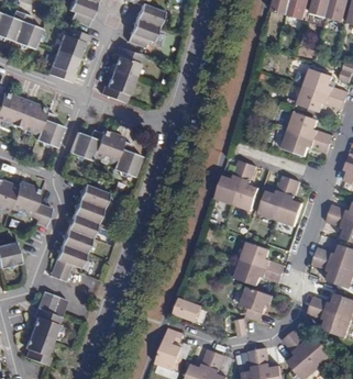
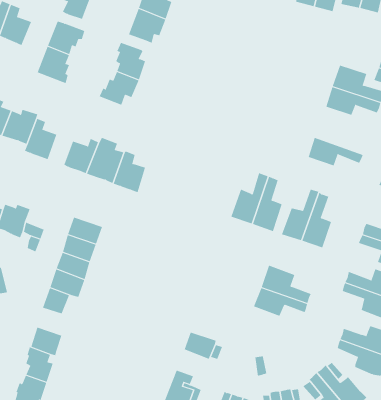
building: [287,110,333,144] -> none
building: [78,182,109,207] -> none
building: [242,286,274,321] -> none

